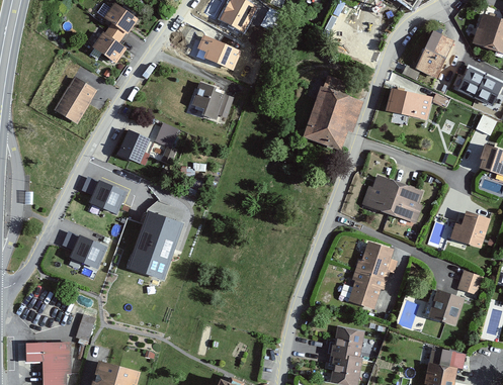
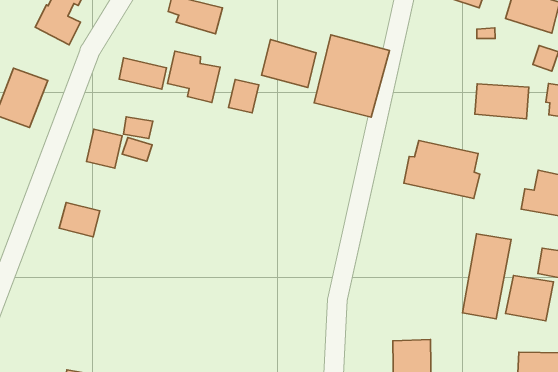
building: none -> [119,58,166,89]
building: none -> [262,40,316,87]
building: [386,87,430,119] -> [475,84,529,119]
building: none -> [229,79,259,113]
building: [129,215,179,279] -> none
building: [71,239,103,269] -> none
building: [347,240,393,308] -> [462,234,511,319]

